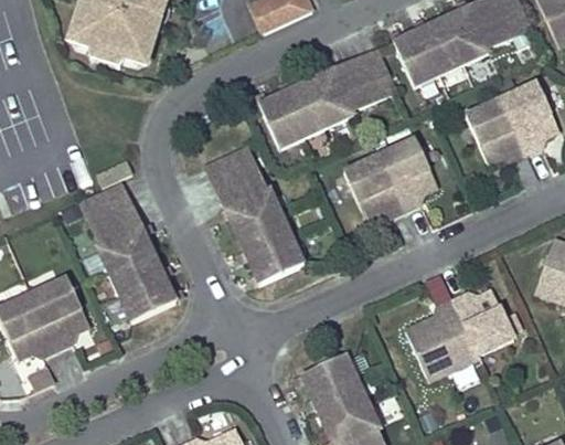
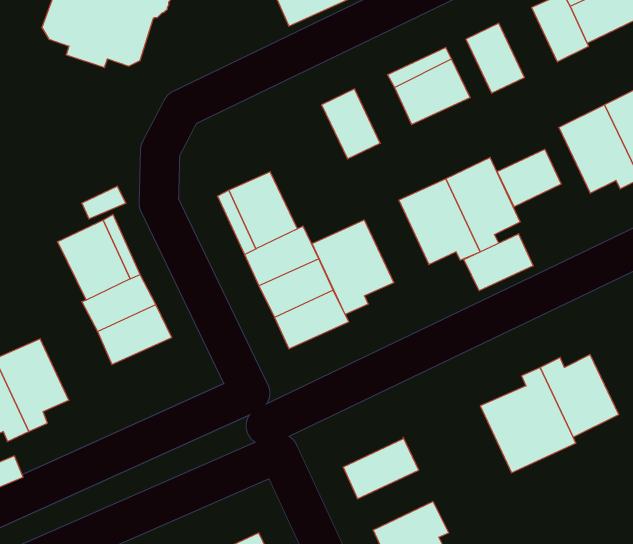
building: [420,20,466,74] -> none
building: [309,72,354,125] -> none
building: [260,95,303,148] -> none
building: none -> [497,149,561,207]
building: none -> [312,220,394,315]
building: none -> [464,234,533,291]
building: [121,275,180,321] -> none
building: [311,378,370,424] -> none

